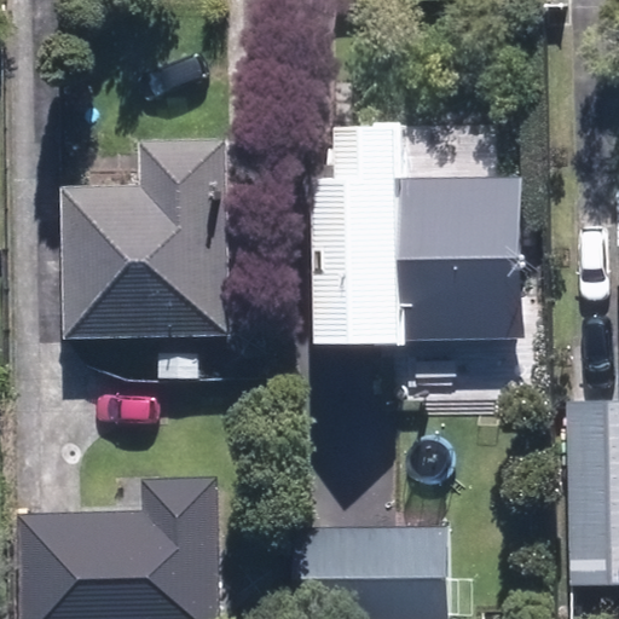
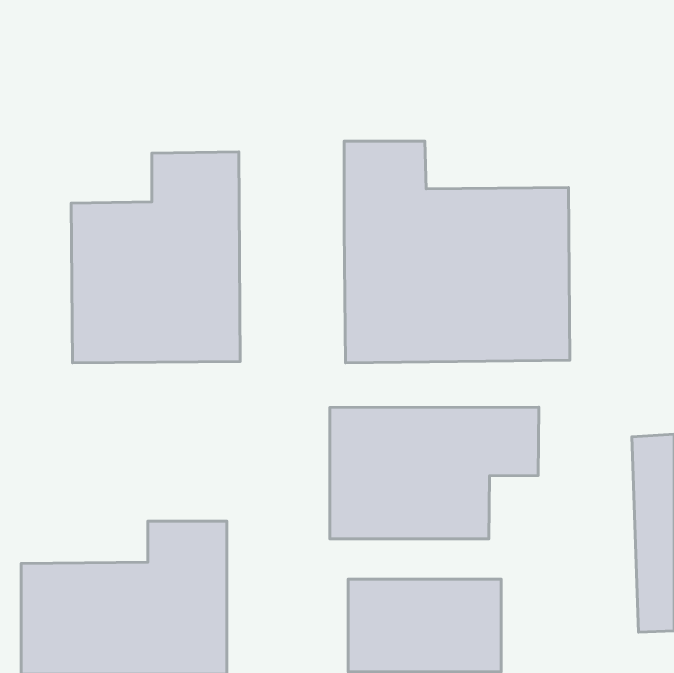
building: none -> [330,407,539,539]

